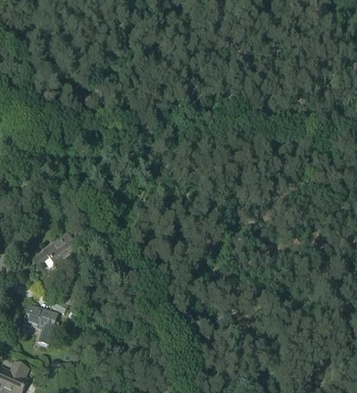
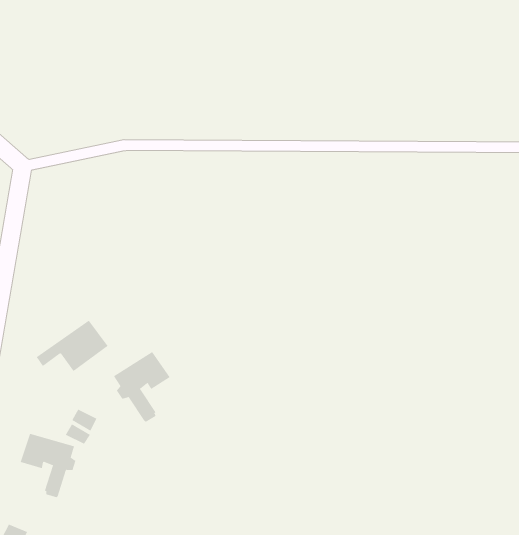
building: none -> [113,351,171,423]

